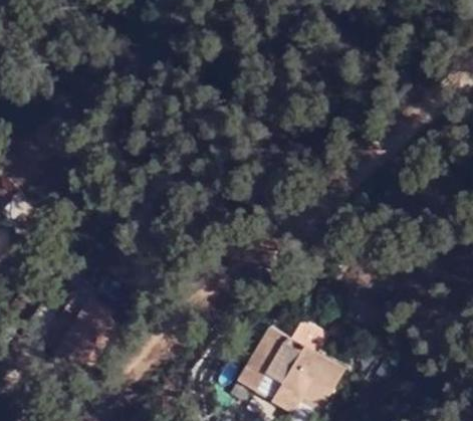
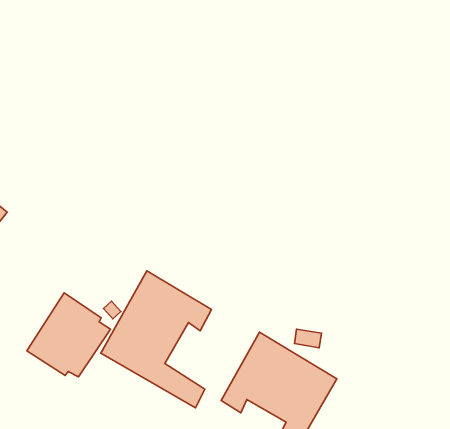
building: none -> [101,271,212,408]

